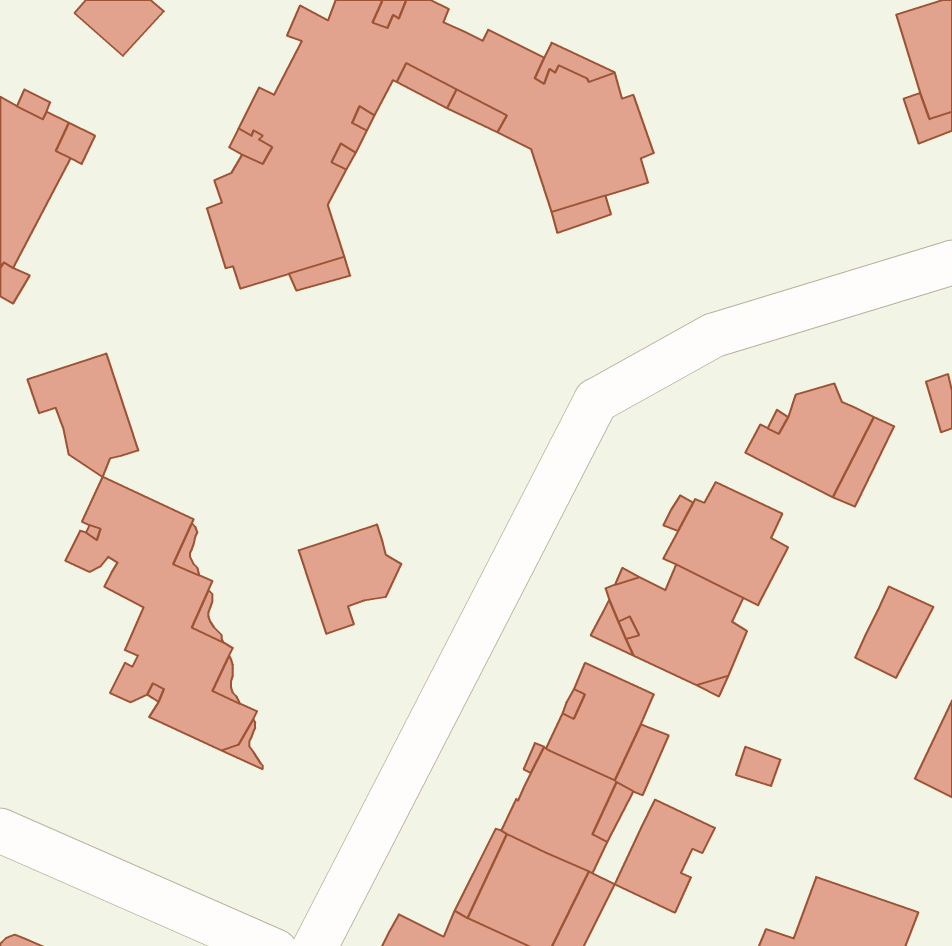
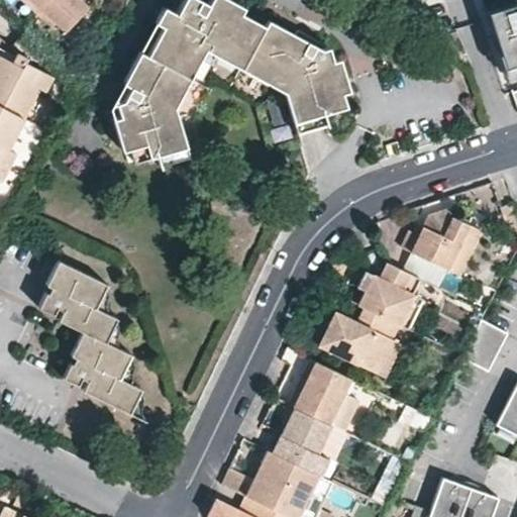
building: [28,353,138,477] -> none
building: [299,524,401,634] -> none
building: [615,800,715,913] -> none

